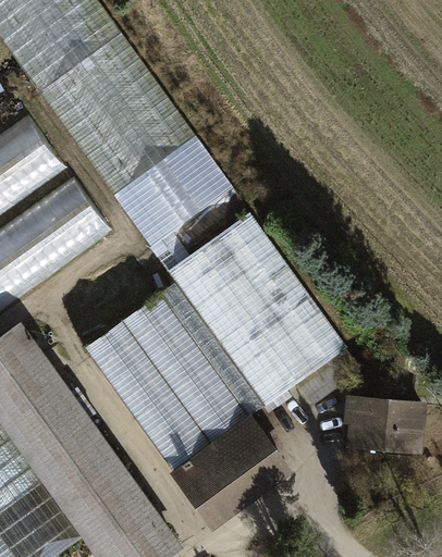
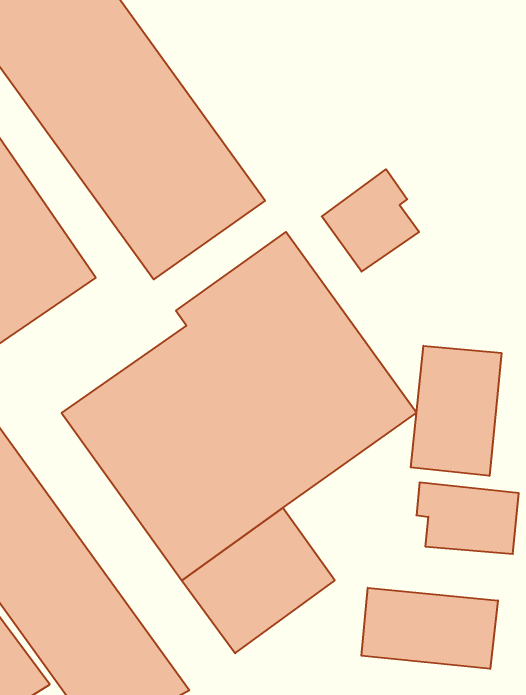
building: none -> [322,169,419,272]
building: none -> [411,346,501,476]
building: none -> [361,588,498,669]

